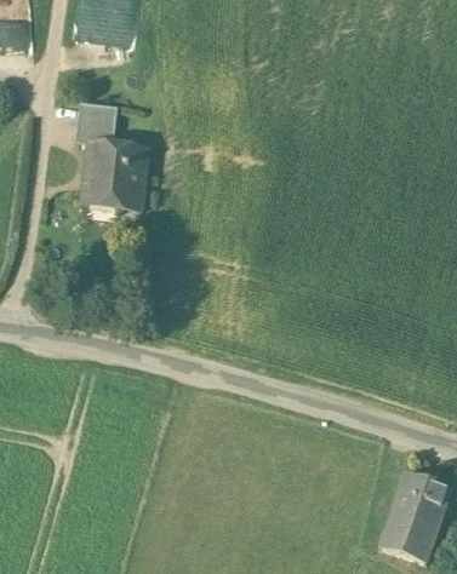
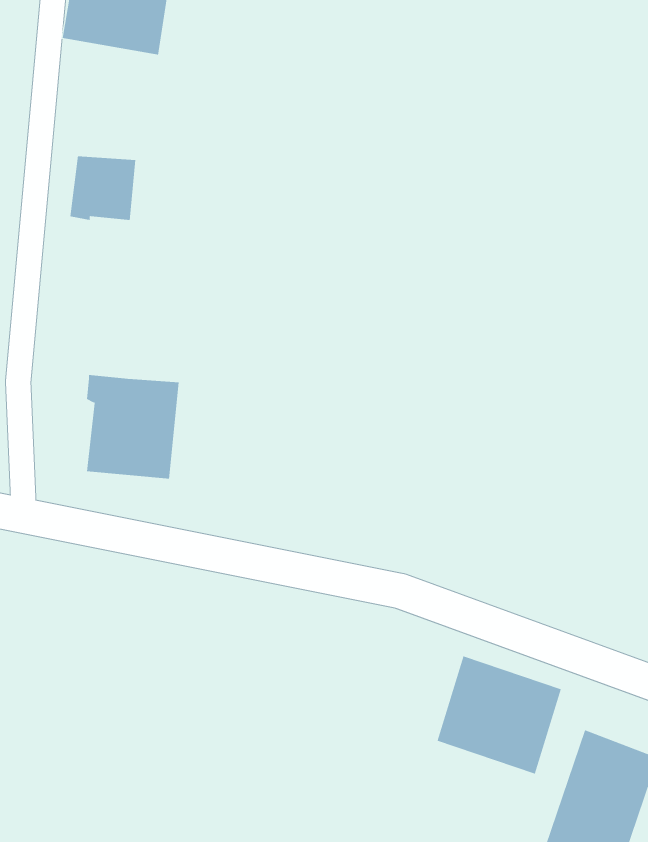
building: [87,142,147,208] -> [86,375,179,479]
building: none -> [437,655,561,774]

